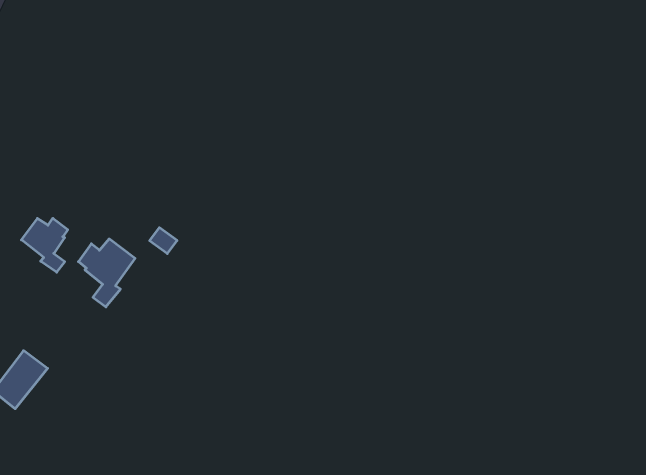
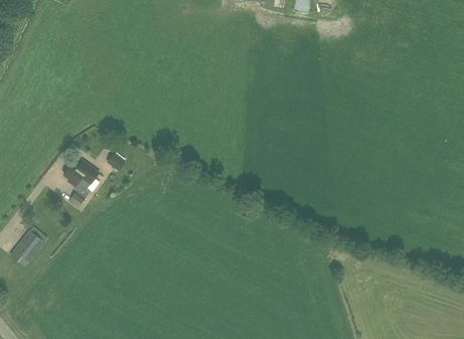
building: [21,218,68,272] -> none

